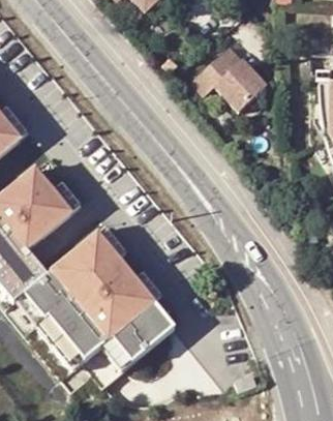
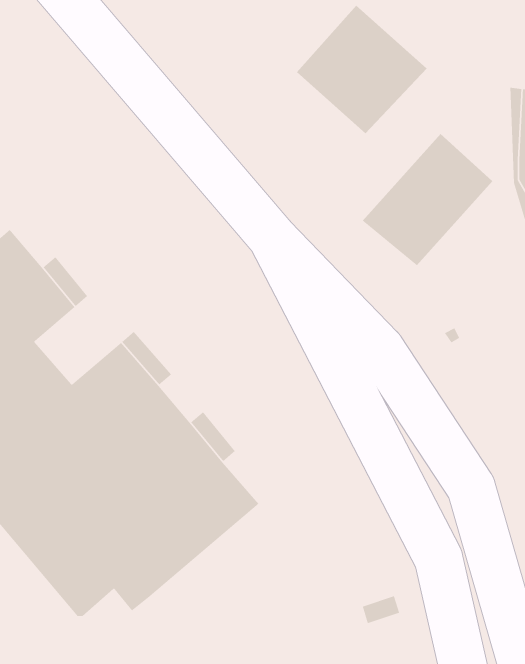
building: none -> [362,133,493,266]

